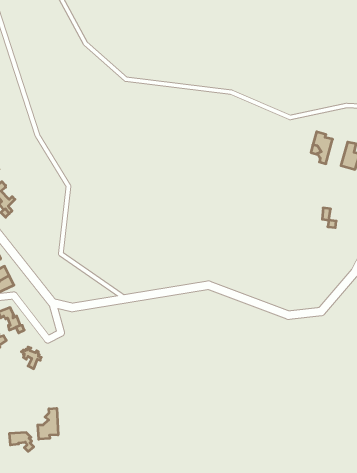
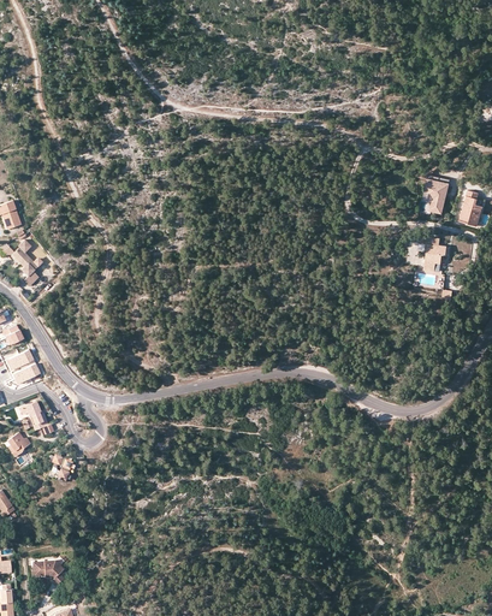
building: none -> [416,236,445,271]
building: [38,408,58,439] -> none

